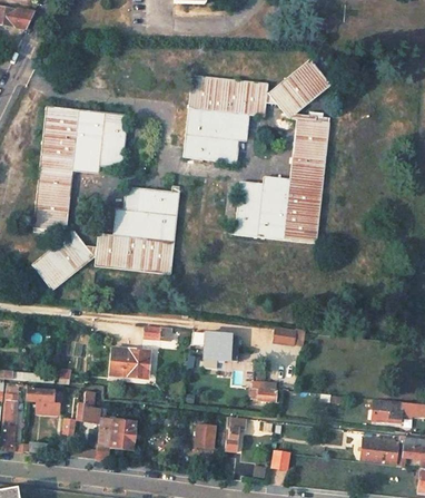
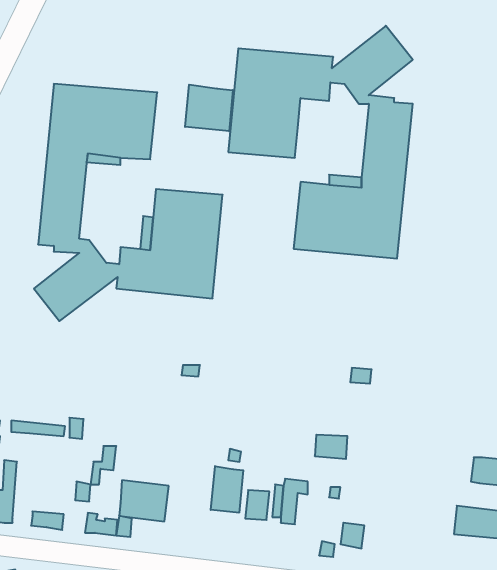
building: none -> [185,85,233,131]
building: [204,332,239,360] -> none
building: [110,346,150,378] -> none
building: [26,388,61,413] -> none
building: none -> [211,466,243,513]

